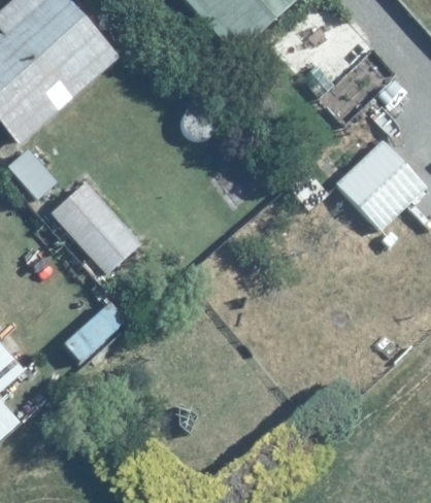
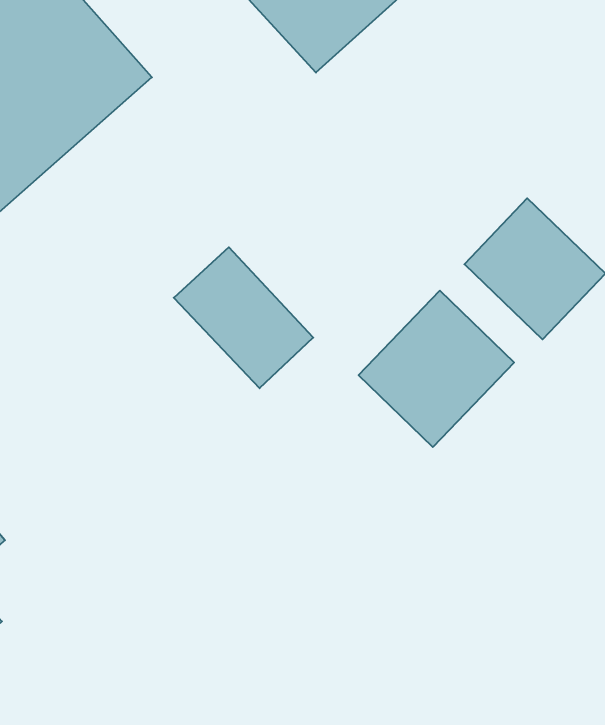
building: [47,179,141,274] -> [174,247,313,388]
building: none -> [359,291,514,447]

